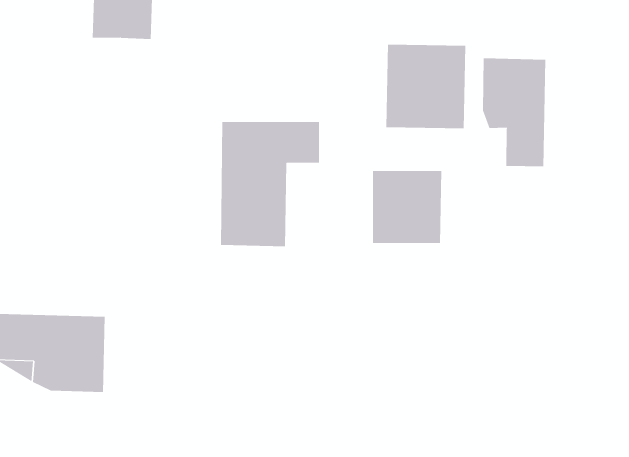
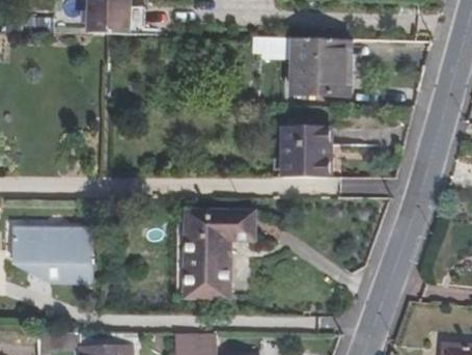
building: [482,57,546,167] -> none
building: [220,122,320,247] -> [184,211,253,298]

